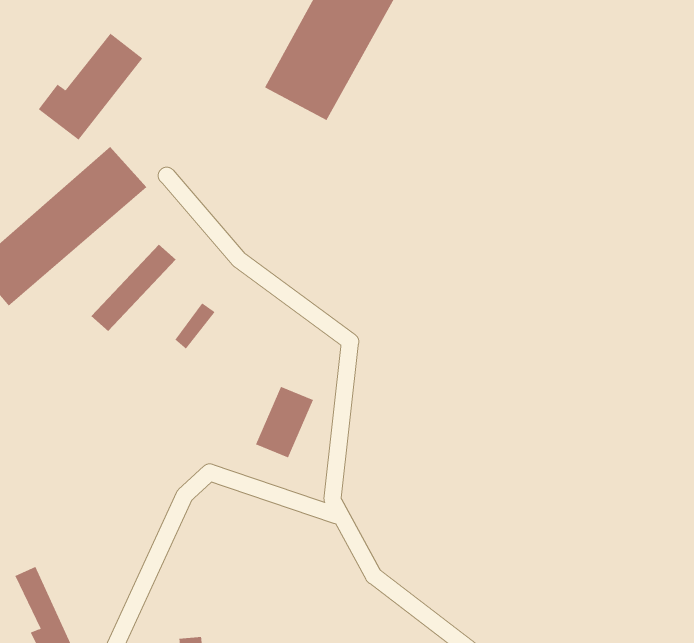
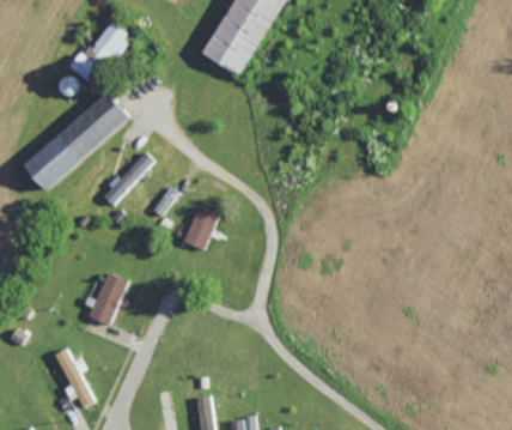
building: [255,386,314,458] -> [184,205,220,249]
building: none -> [90,271,130,323]

